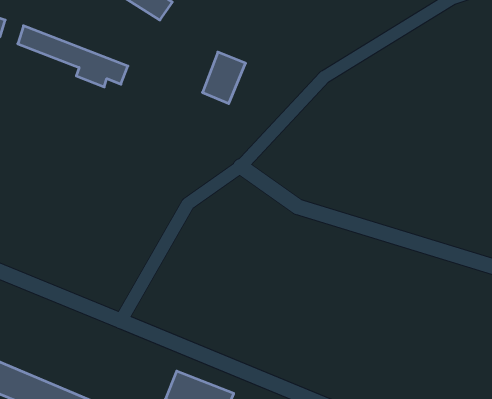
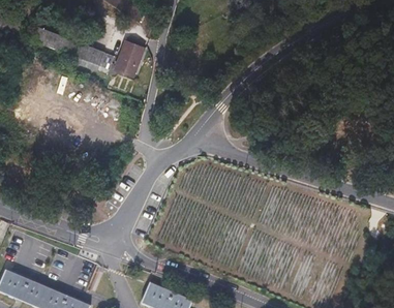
building: [202,52,246,104] -> [113,39,145,78]

